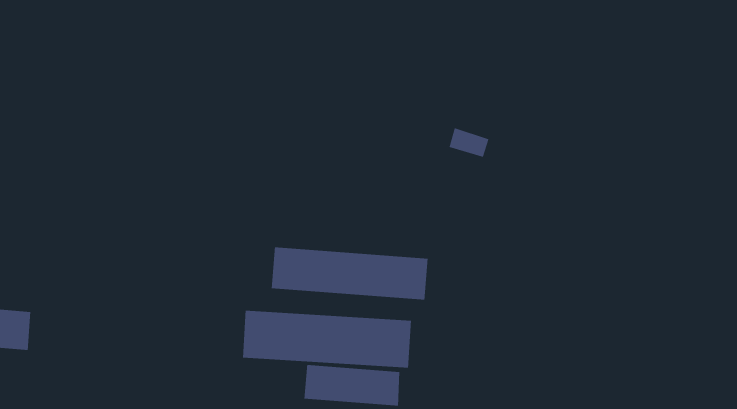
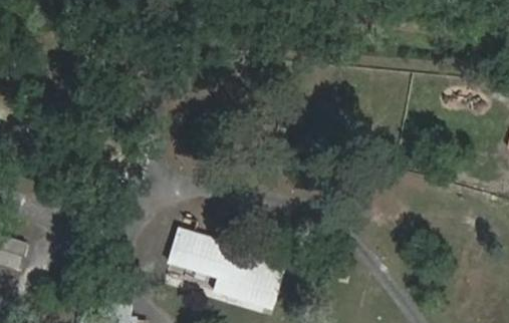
building: [271,246,428,301] -> none

